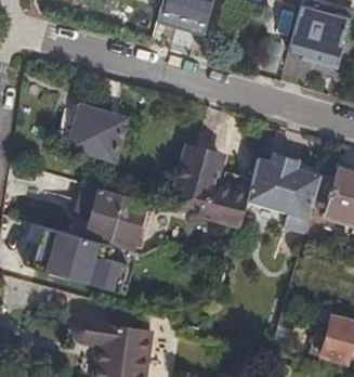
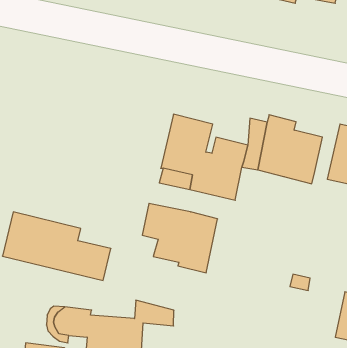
building: [56,104,127,159] -> none
building: [78,185,146,250] -> [142,203,218,273]

